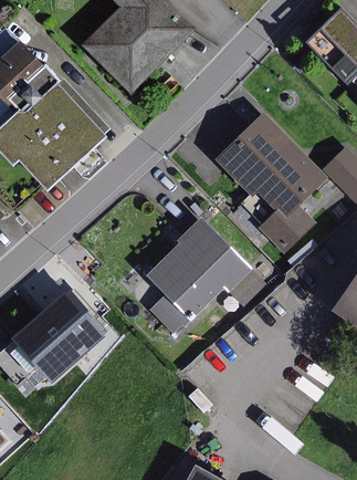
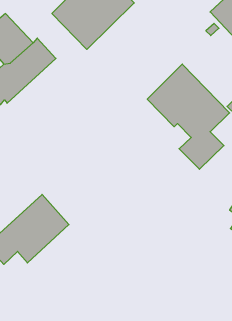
building: [24,104,113,191] -> none
building: [144,215,267,333] -> none

